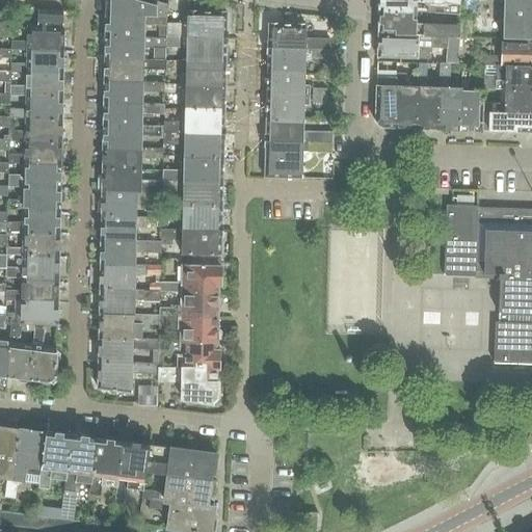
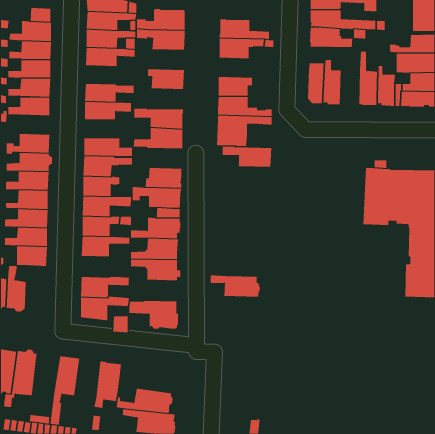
building: [180,60,225,85] -> none
building: [416,62,438,129] -> none
building: [266,71,310,95] -> none
building: [104,80,165,103] -> none
building: [163,108,224,133] -> none
building: [8,140,61,164] -> none
building: [102,147,162,168] -> none
building: [162,180,223,206] -> [222,146,272,167]
building: [99,313,159,339] -> none
building: [31,328,59,383] -> none
building: [158,341,220,368] -> [210,275,261,297]
building: [38,431,73,488] -> none
building: [89,437,122,495] -> none
building: [145,445,216,480] -> none

